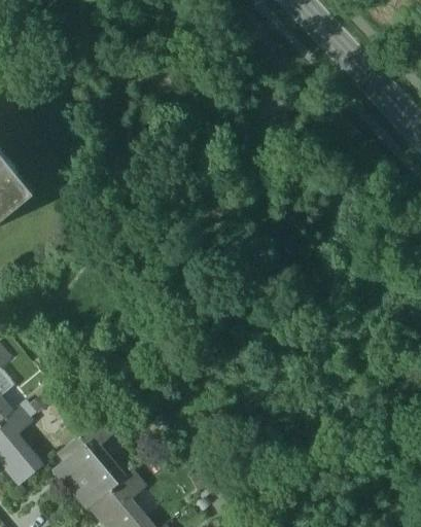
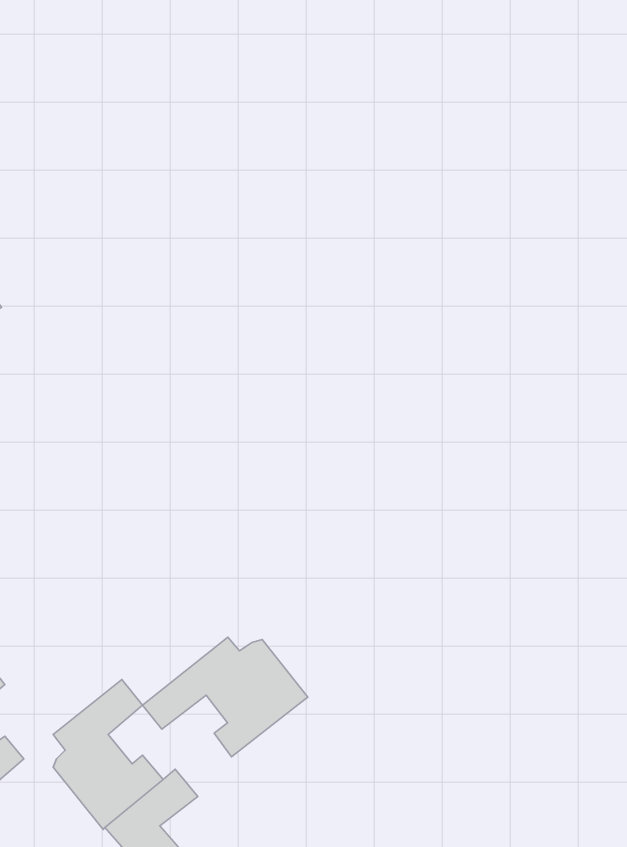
building: none -> [143,637,308,757]

